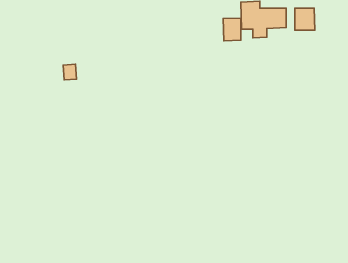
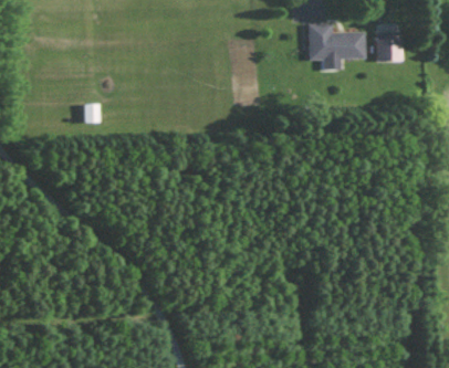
building: [223,18,241,41] -> none

